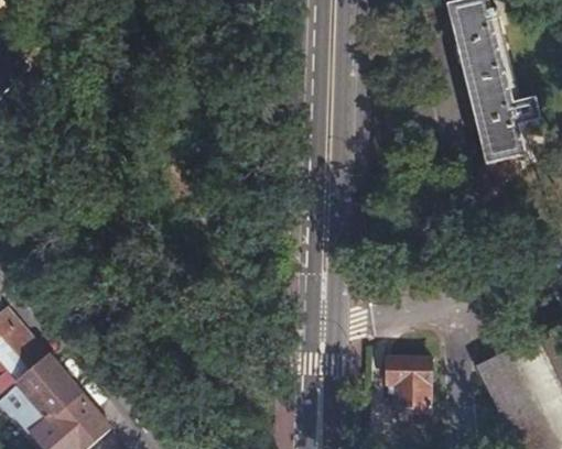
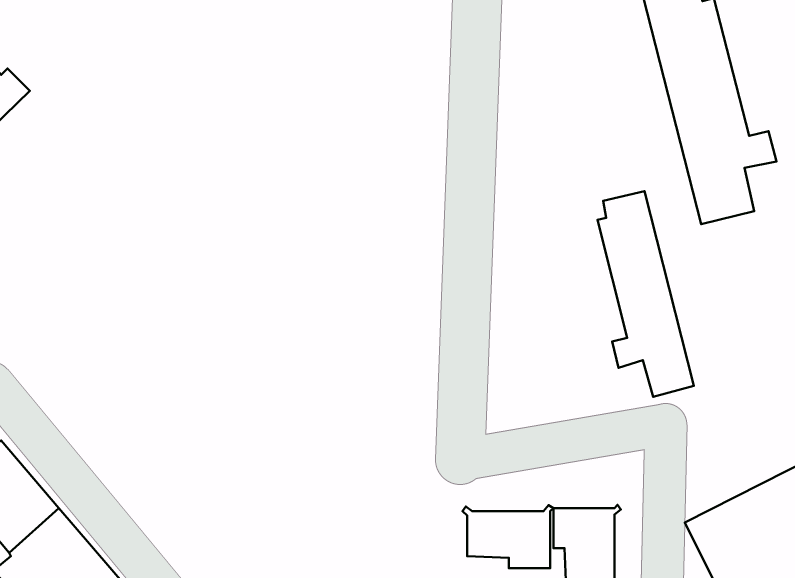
building: none -> [597,191,694,397]
building: none -> [462,505,553,568]

